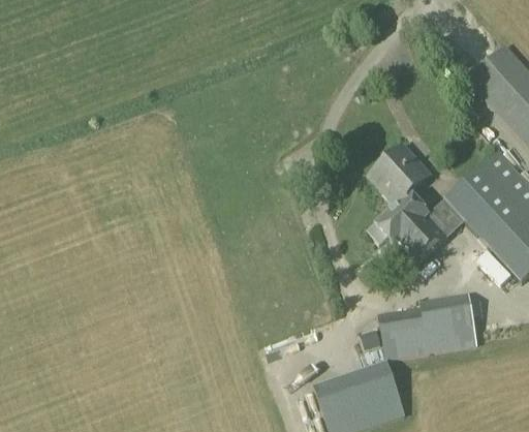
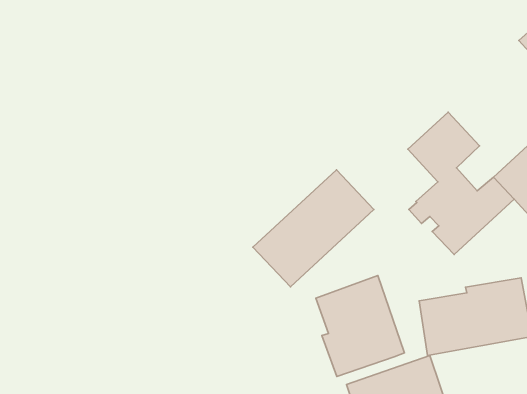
building: none -> [253,170,374,287]
building: none -> [316,275,405,377]

